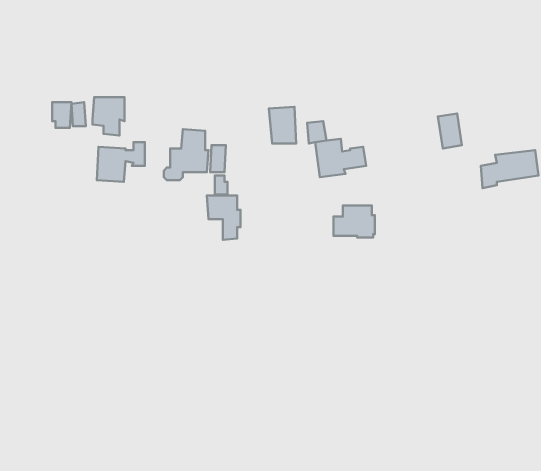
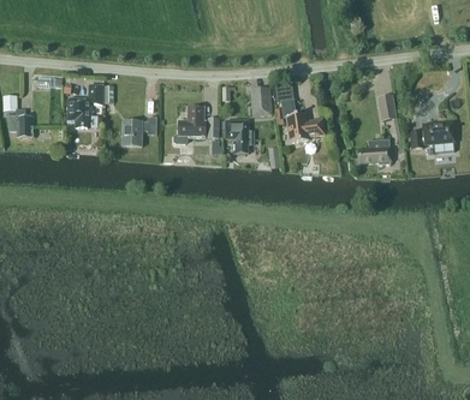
building: [92,97,124,136] -> [66,100,90,129]
building: [207,195,240,240] -> [225,120,250,154]
building: [333,205,375,237] -> [359,141,391,165]

